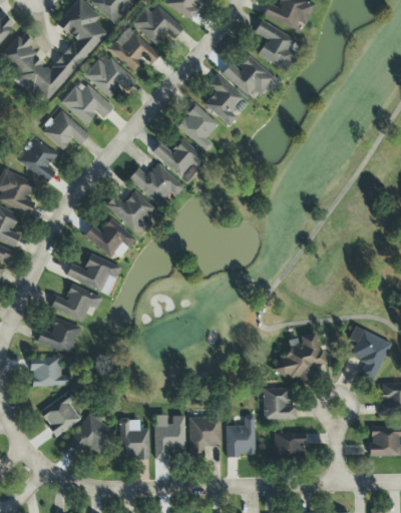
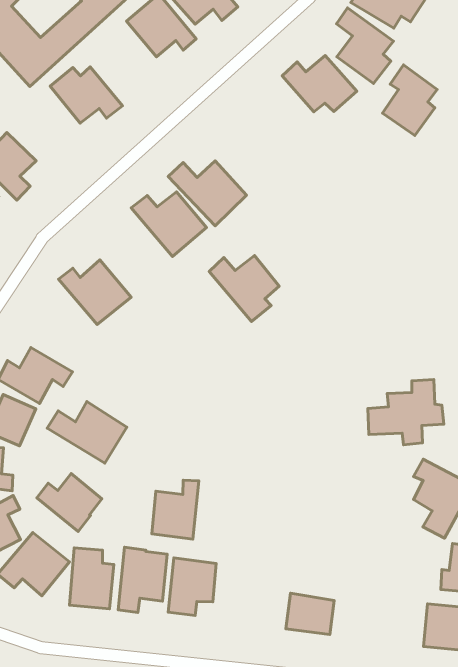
building: none -> [383,65,437,136]
building: [84,57,137,96] -> none
building: [204,73,249,125] -> none
building: [176,103,219,151] -> none
building: [41,108,89,148] -> none
building: [105,189,155,235] -> [209,256,279,322]
building: [65,252,120,294] -> [47,402,127,463]
building: [273,332,327,380] -> [368,379,444,445]
building: none -> [37,474,102,531]
building: [263,387,296,419] -> none
building: [226,414,256,455] -> [152,480,199,539]

